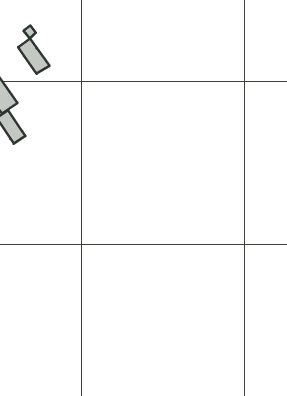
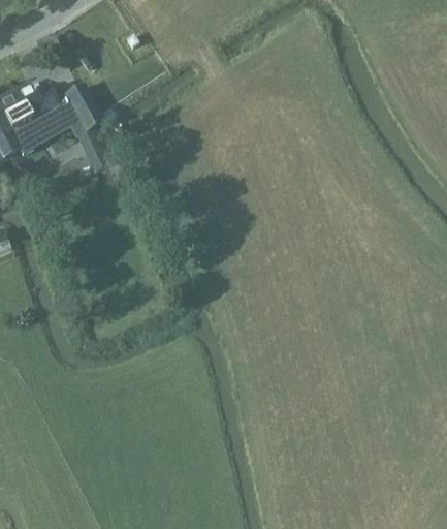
building: [18,39,49,74] -> none

